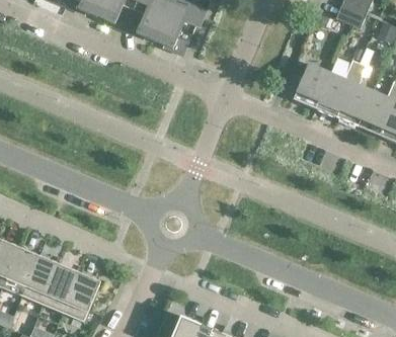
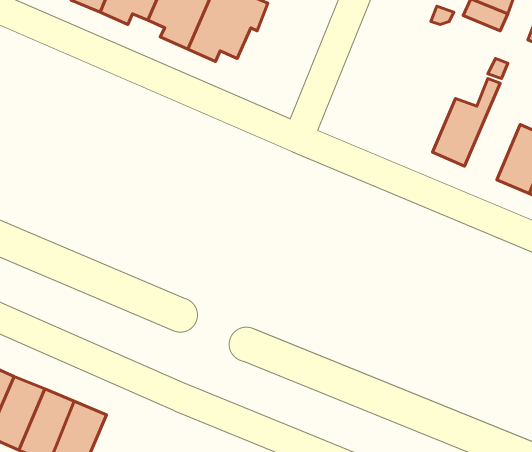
building: [293,62,330,107] -> none
building: [336,62,373,125] -> none

